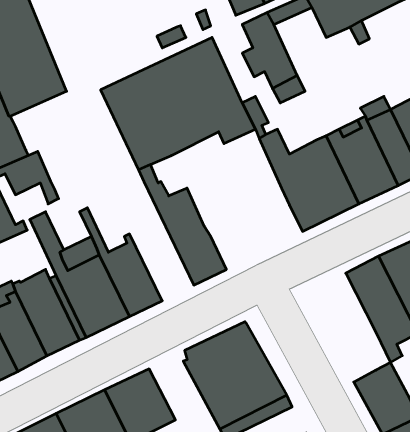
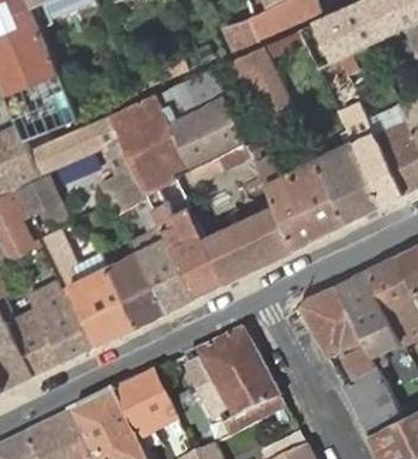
building: none -> [31,117,149,215]
building: none -> [204,207,294,281]
building: none -> [136,233,195,310]
building: none -> [298,285,375,374]

